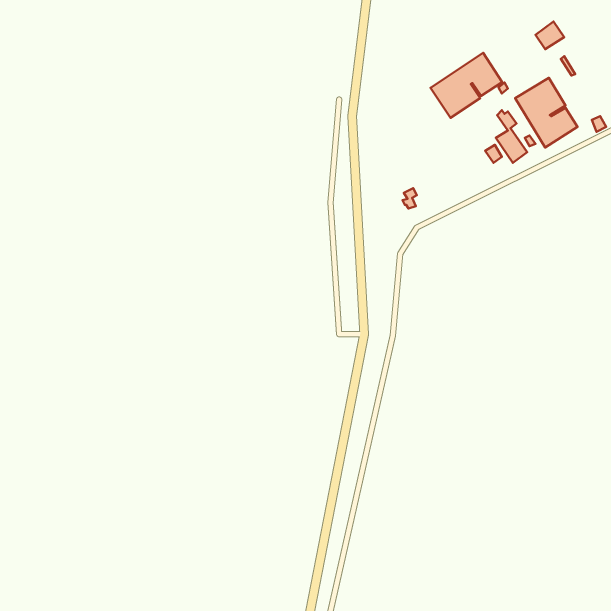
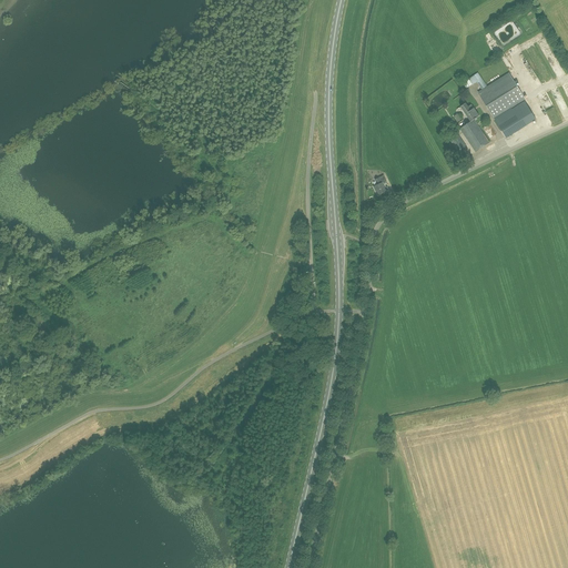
building: [430,53,502,118] -> none

